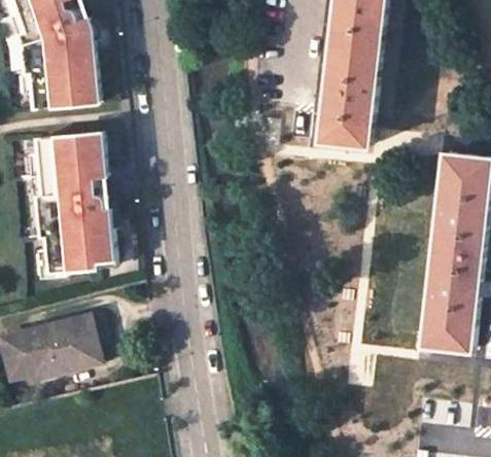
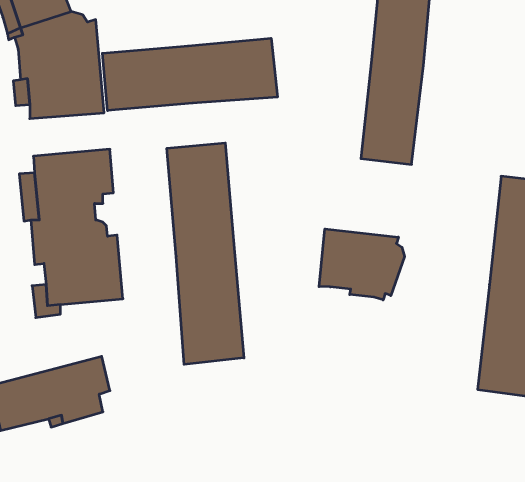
building: none -> [102,38,277,111]
building: none -> [167,143,244,364]
building: none -> [319,229,405,300]

